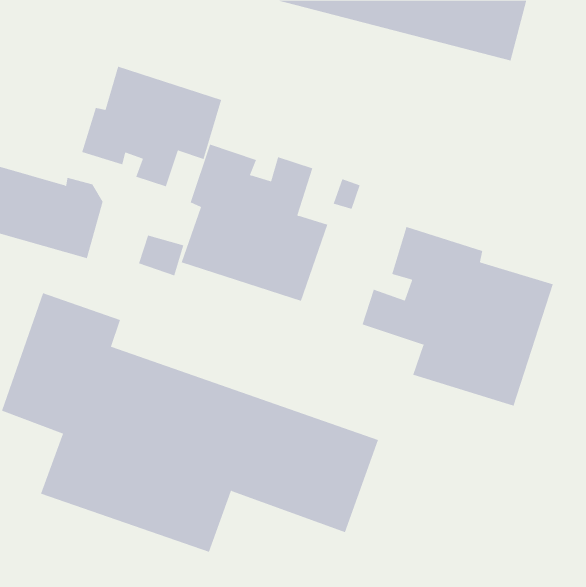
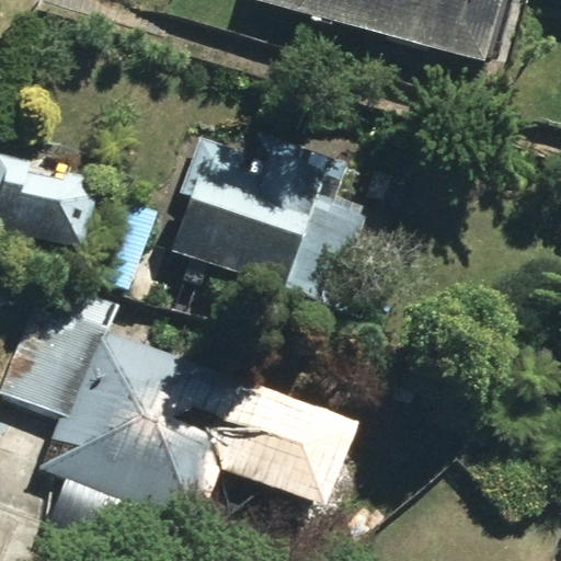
building: [81,66,222,187] -> none
building: [362,226,554,406] -> none

